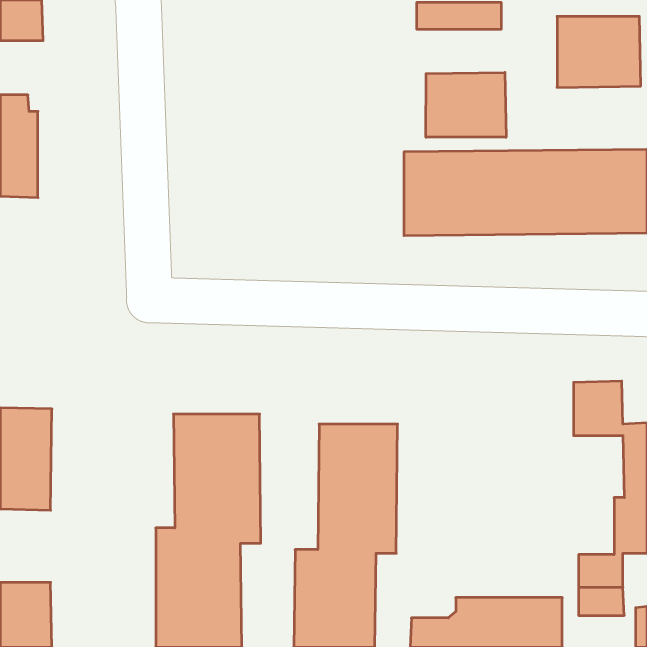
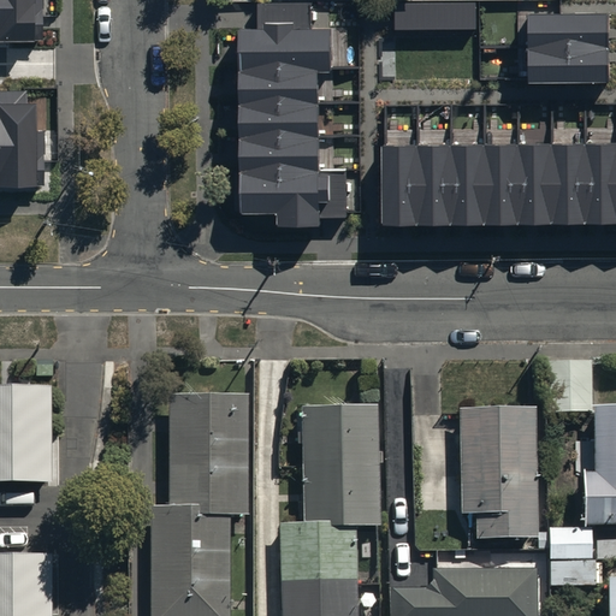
building: none -> [241,5,346,226]
building: [426,72,506,137] -> none
building: none -> [458,407,537,538]

